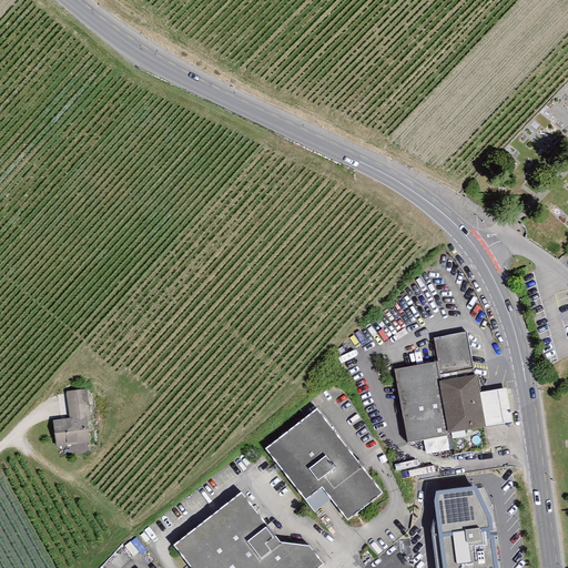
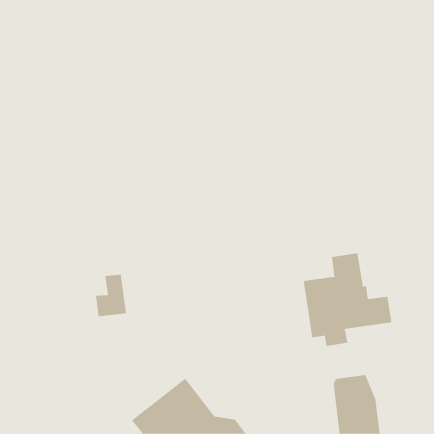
building: [51,390,92,446] -> [95,274,127,317]
building: [264,413,378,521] -> none

